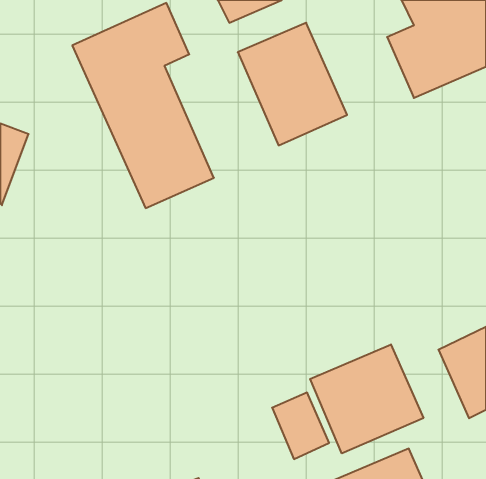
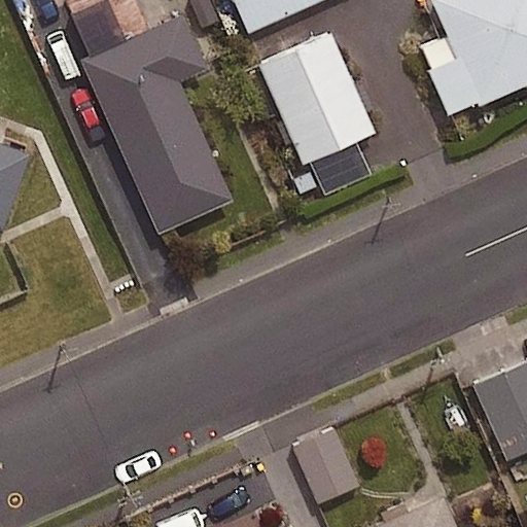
building: [310,344,423,453] -> none

